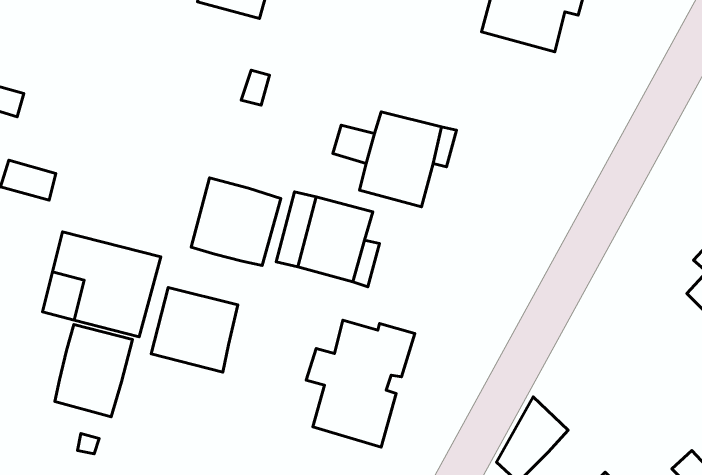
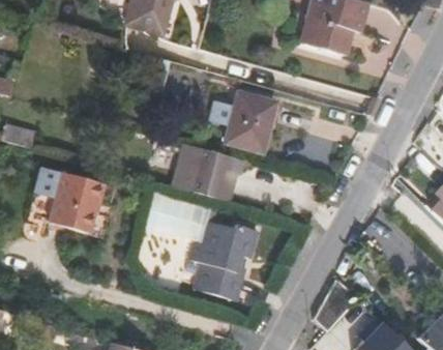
building: [191,178,281,265] -> none
building: [151,287,238,372] -> none
building: [55,325,132,417] -> none

